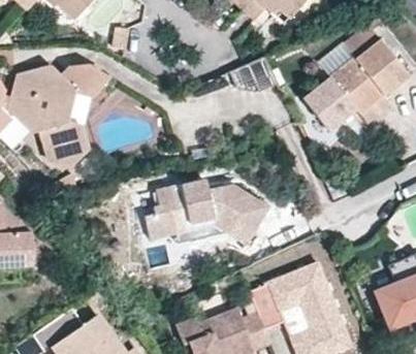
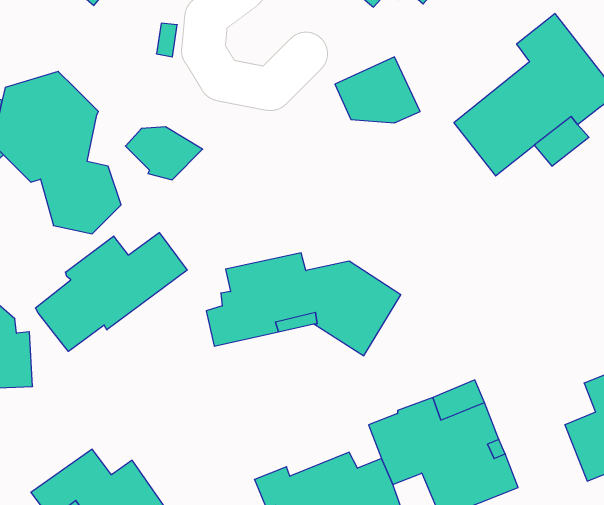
building: [61,62,110,96] -> [125,127,203,180]
building: none -> [35,233,187,351]

